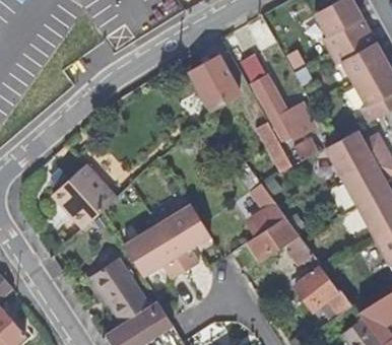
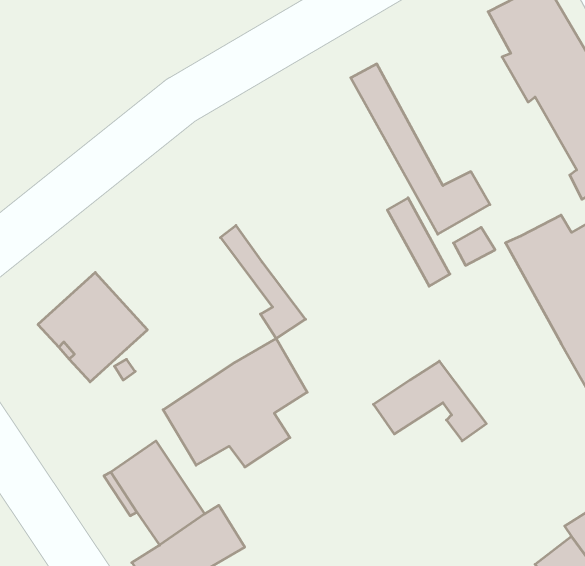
building: [191,56,241,110] -> none
building: [237,161,286,227] -> [220,225,306,338]
building: [296,266,352,315] -> none

